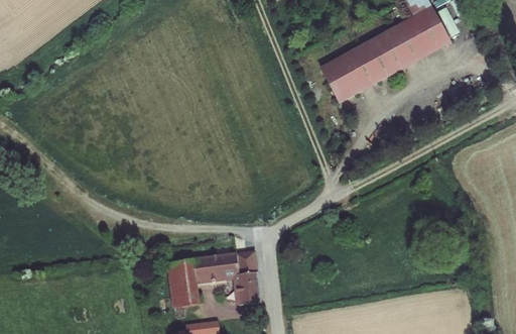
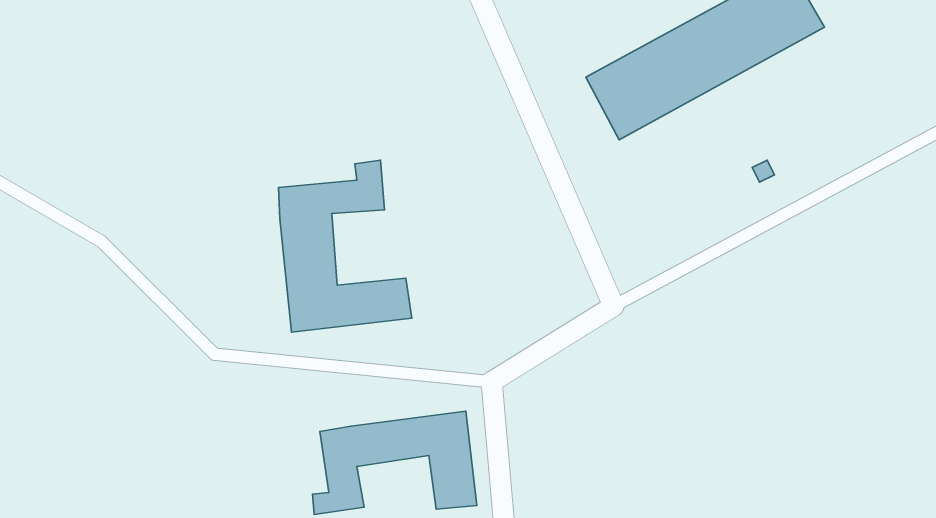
building: none -> [278,160,412,332]

